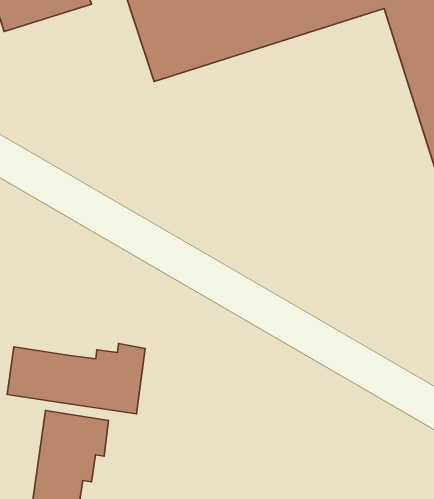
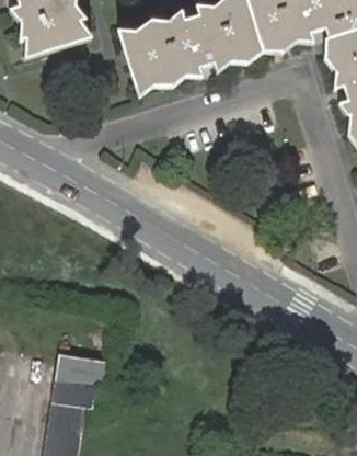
building: [7,344,145,414] -> none

